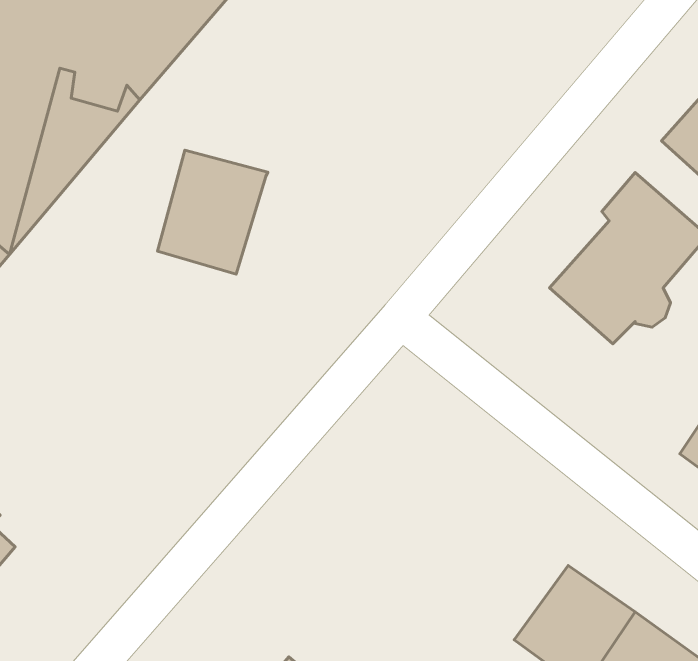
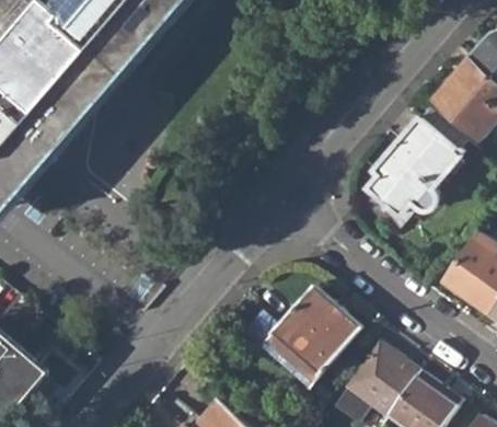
building: [158,150,268,274] -> none
building: none -> [243,296,356,390]

